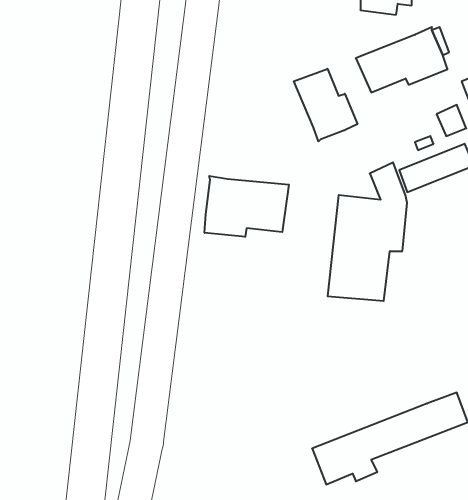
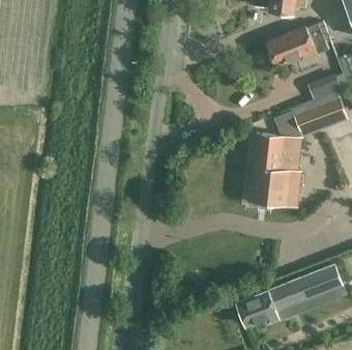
building: [294,69,357,141] -> none
building: [205,176,289,237] -> none

